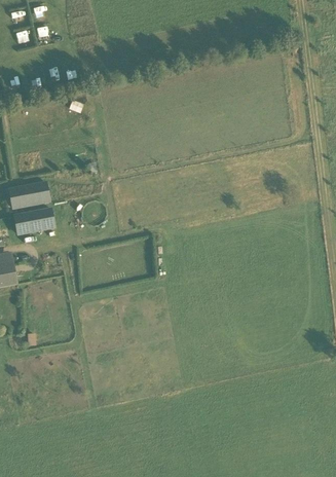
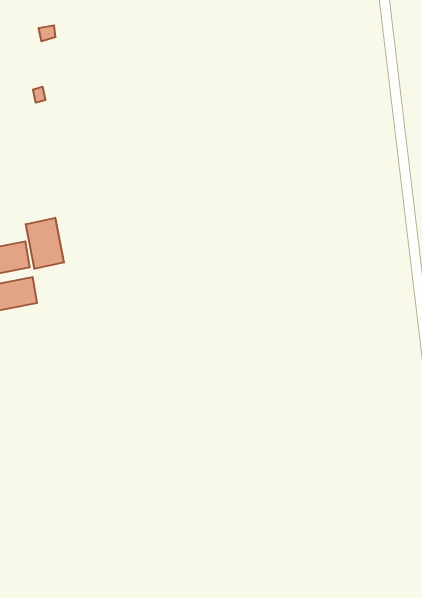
building: none -> [26,218,64,269]

